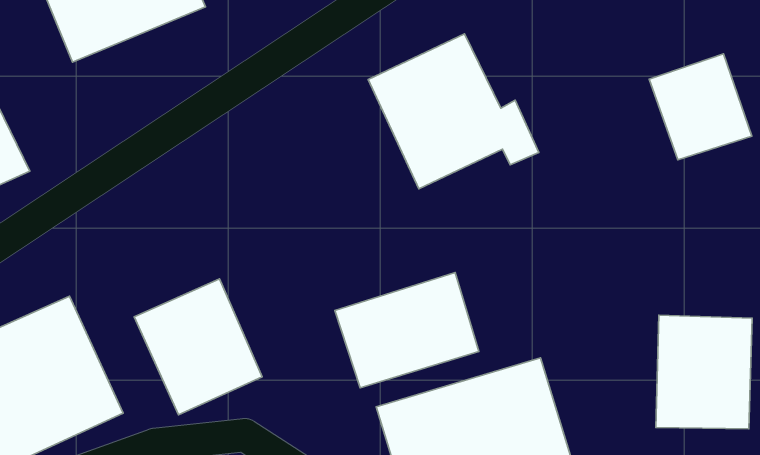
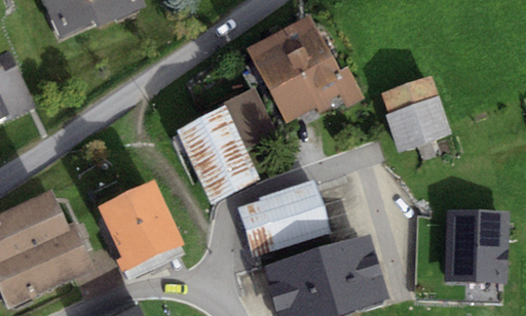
building: [649,54,752,160] -> [382,81,449,150]
building: none -> [229,89,276,147]
building: none -> [177,110,259,206]

